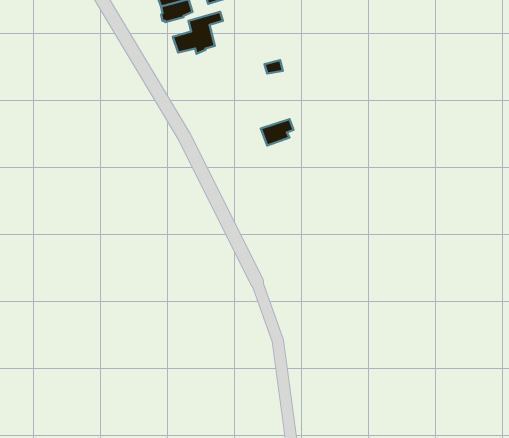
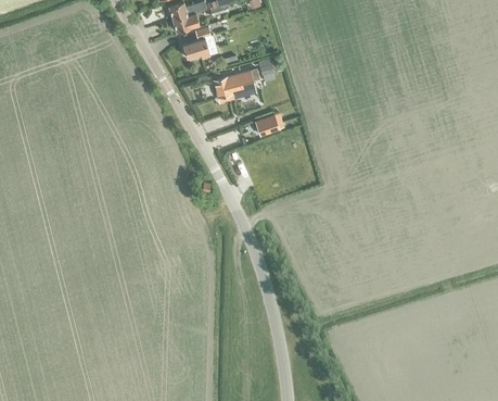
building: none -> [212,71,253,97]

